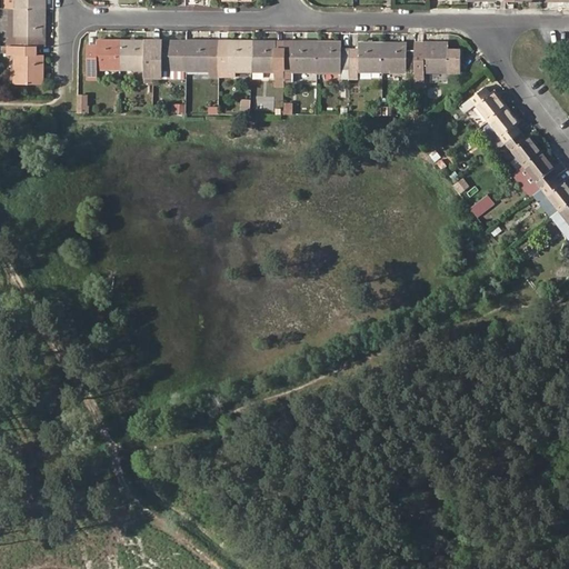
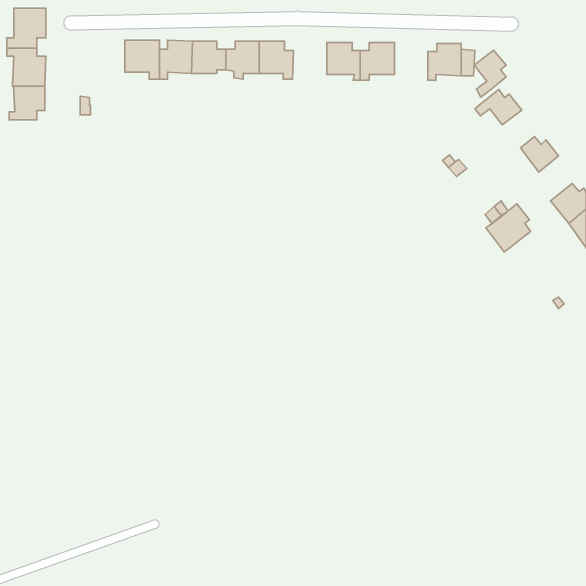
building: [88,39,121,76] -> none
building: [283,41,317,81] -> none
building: [382,41,415,72] -> none
building: none -> [9,86,45,120]
building: [487,107,518,152] -> [474,50,506,97]
building: [511,151,555,198] -> [486,204,531,252]

